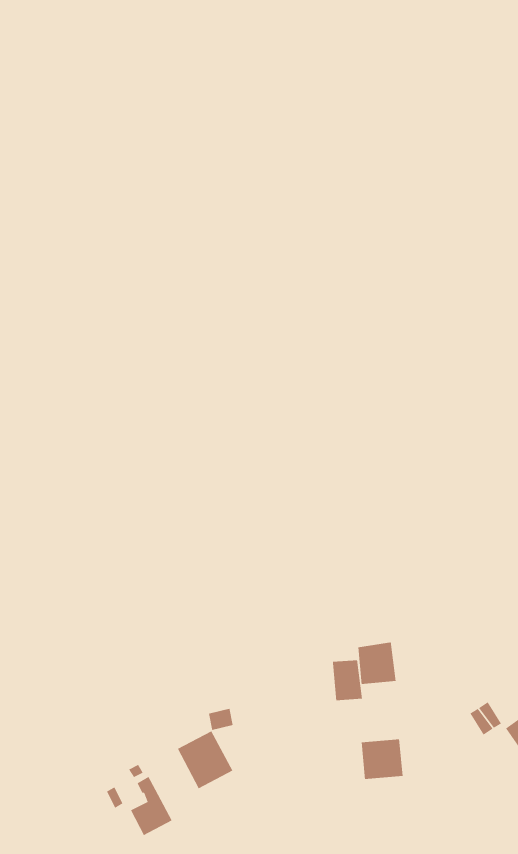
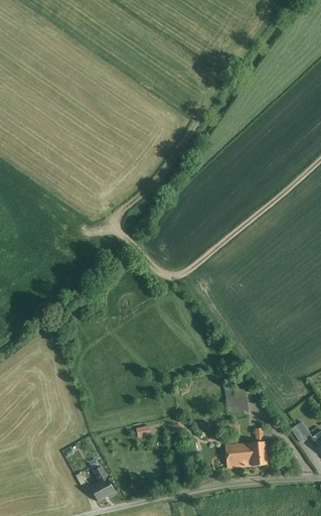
building: [332,660,363,701] -> [250,441,268,466]
building: [177,730,233,789] -> none

